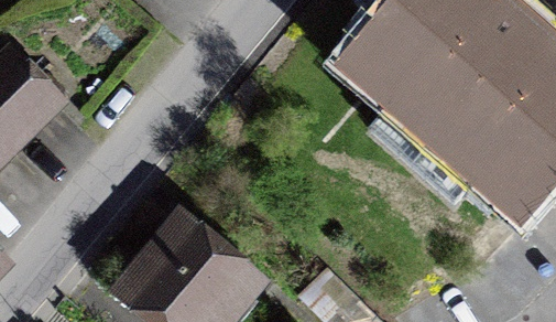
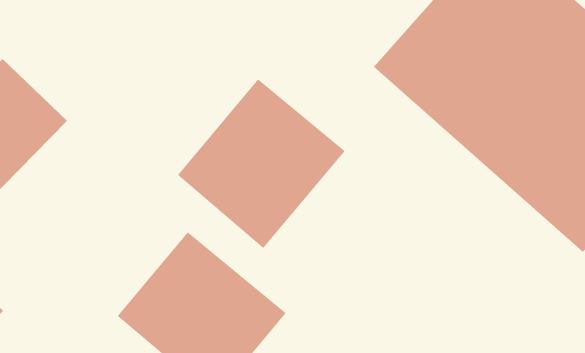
building: none -> [177,79,345,249]

